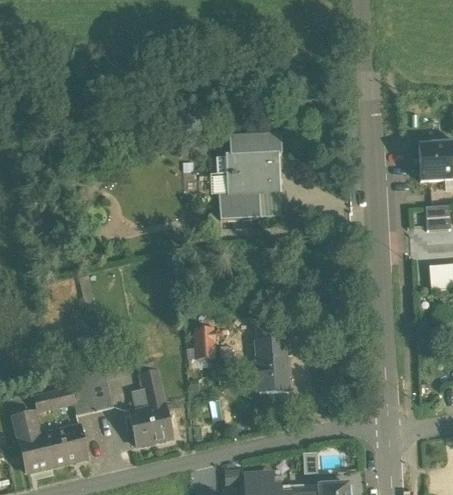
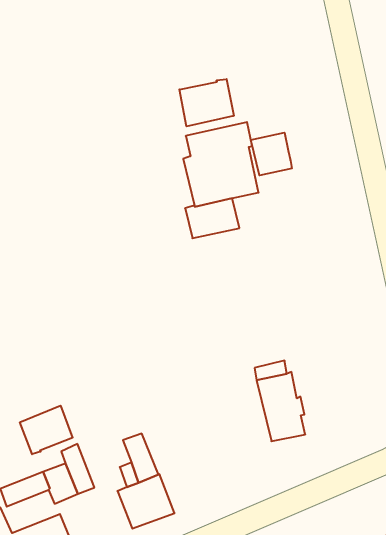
building: none -> [179,79,234,126]
building: none -> [251,133,292,175]
building: [194,325,217,356] -> none
building: none -> [20,406,73,454]

